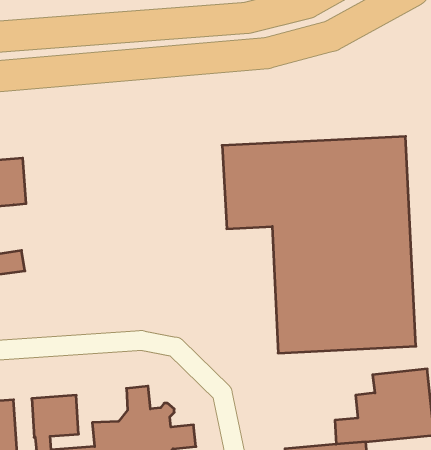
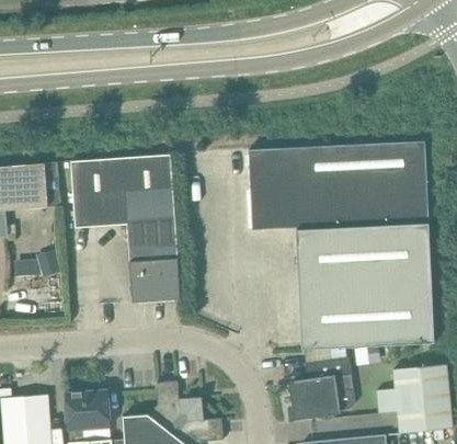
building: none -> [70,153,180,303]
building: none -> [288,358,355,420]

